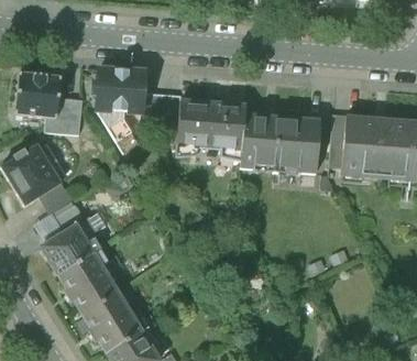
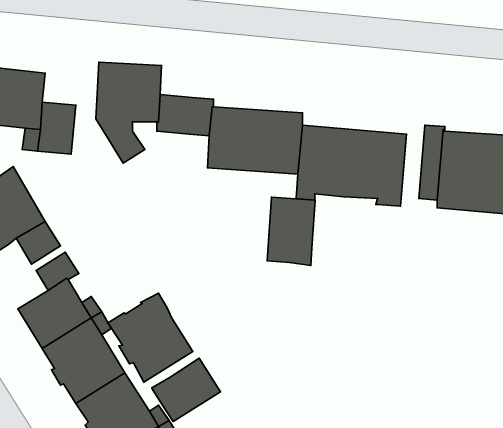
building: none -> [267,197,315,265]
building: none -> [108,293,193,382]
building: none -> [152,358,221,421]

